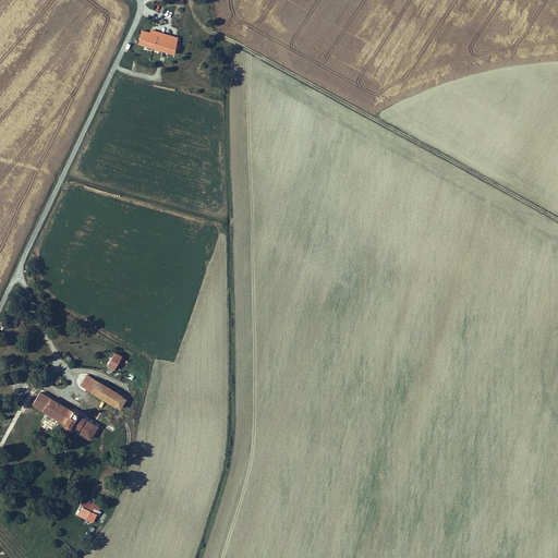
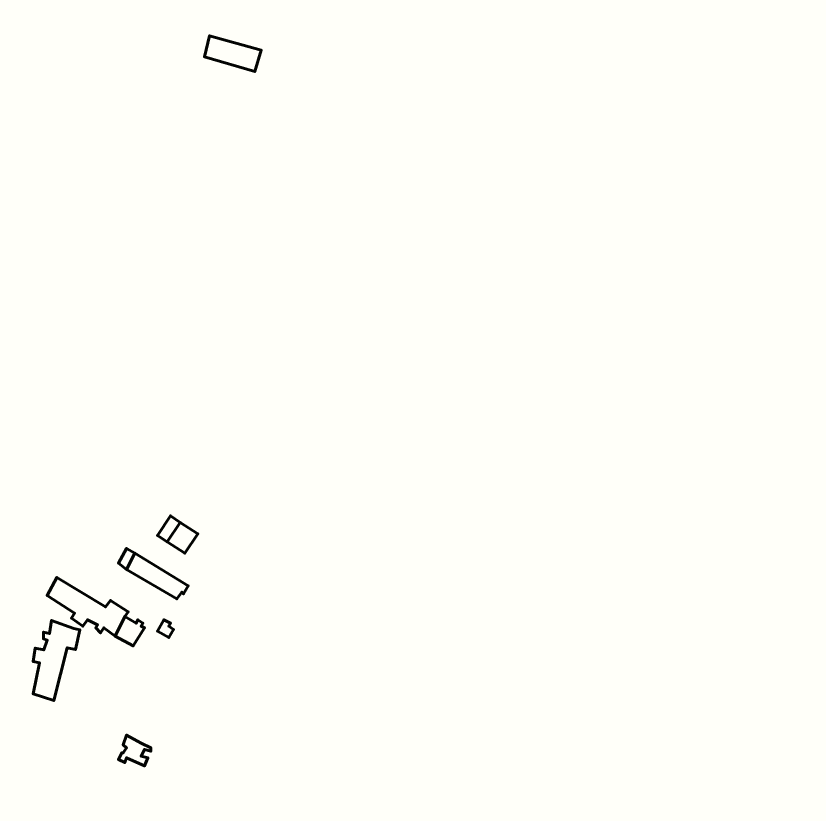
building: none -> [33,620,80,701]

